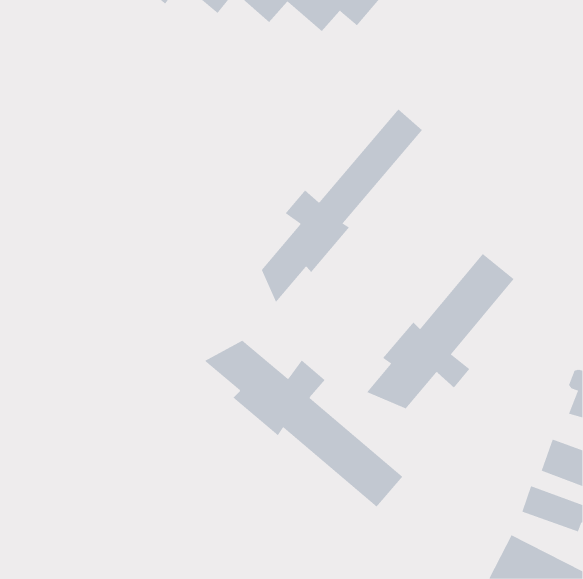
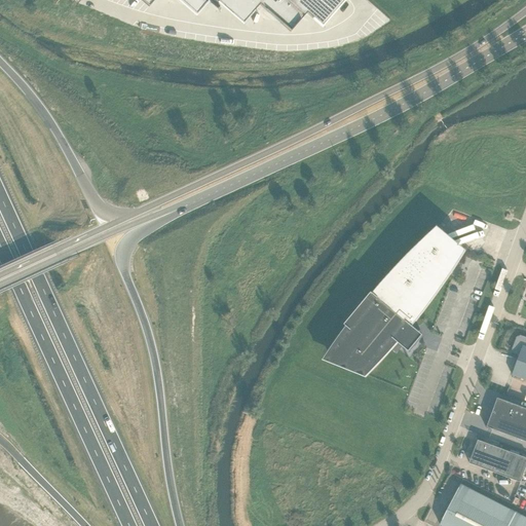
building: [261,108,423,303] -> none
building: [204,340,403,507] -> none

